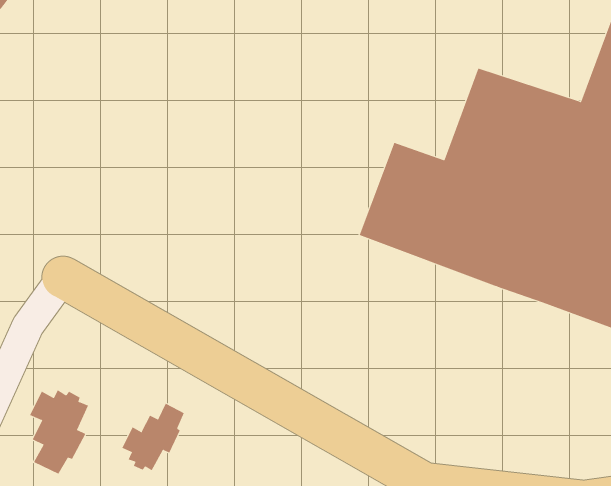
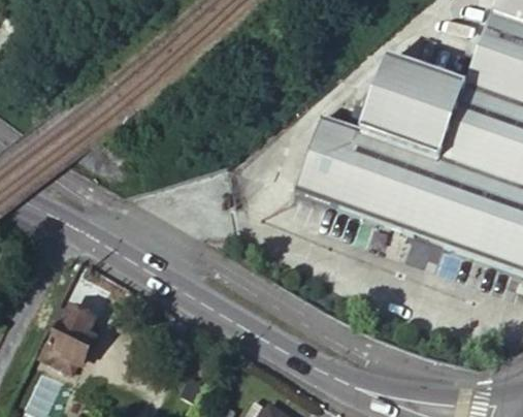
building: [122,403,185,471] -> none

